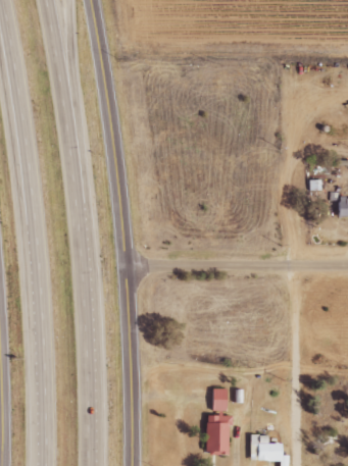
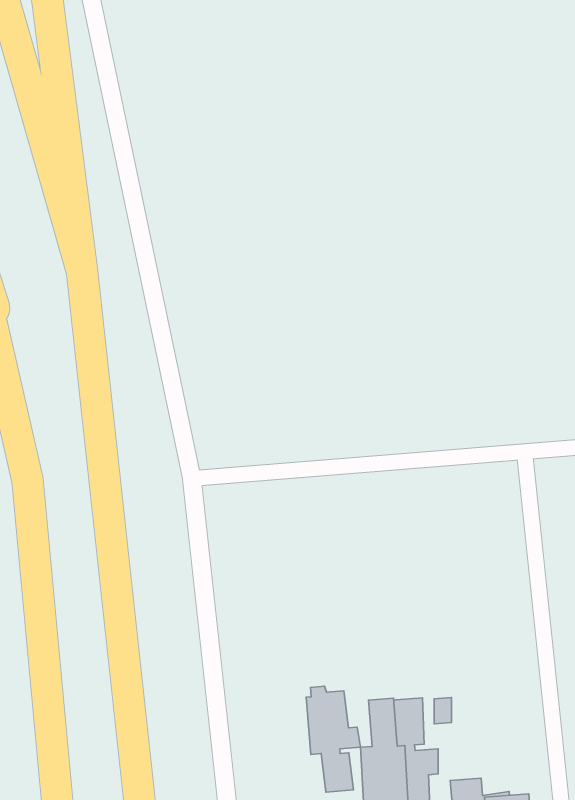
building: none -> [306,686,361,792]

